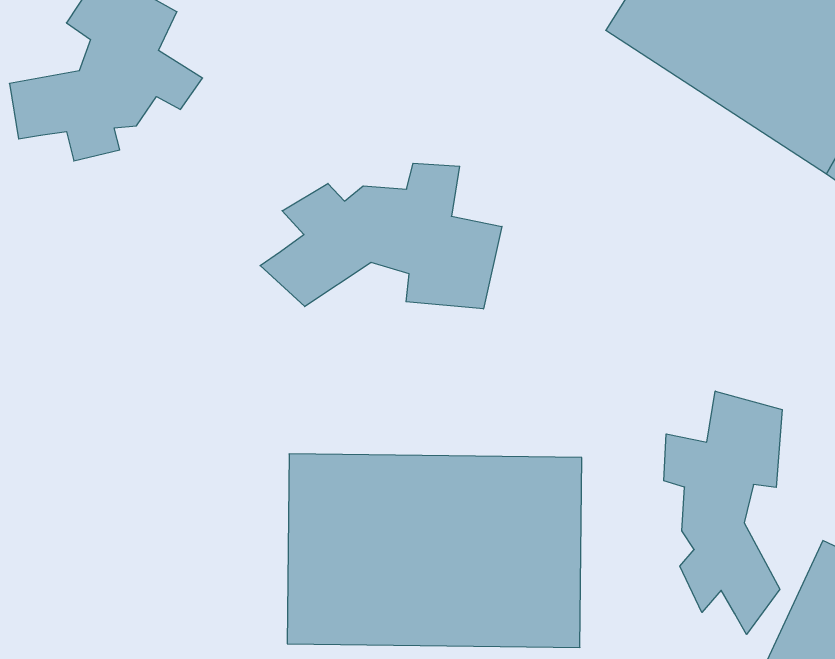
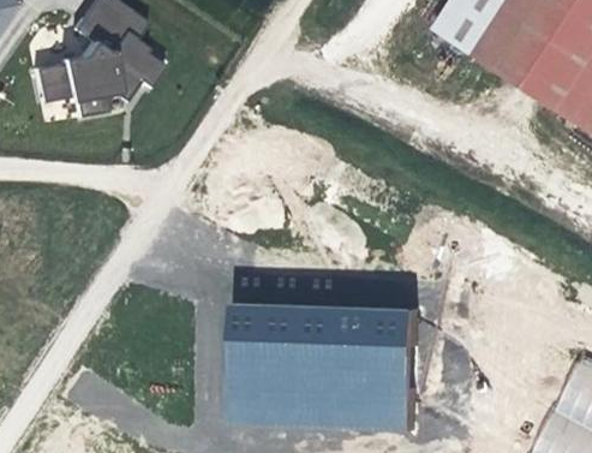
building: [260,163,502,309] -> none
building: [664,391,782,634] -> none

